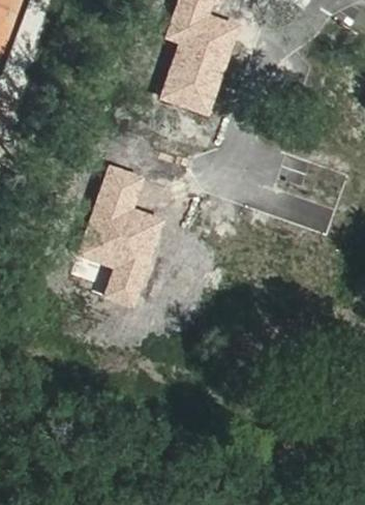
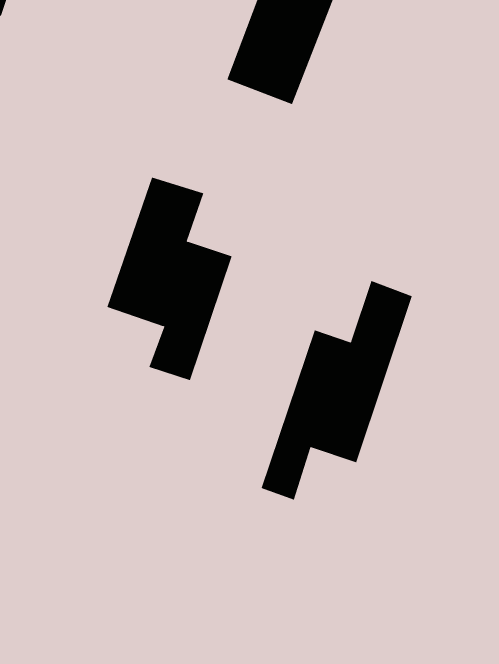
building: none -> [261,280,412,501]

